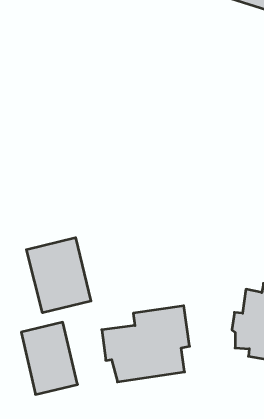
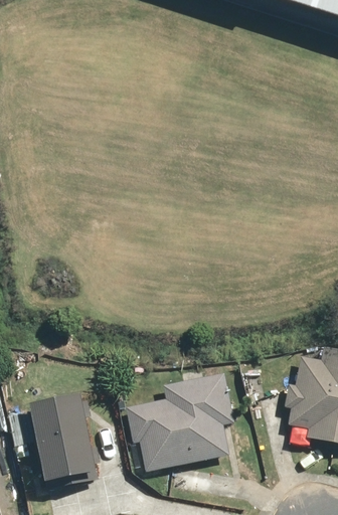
building: [26,238,91,313] -> none

